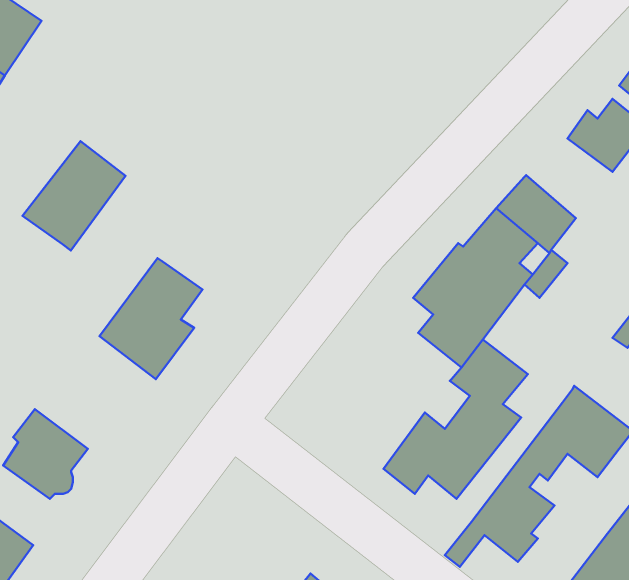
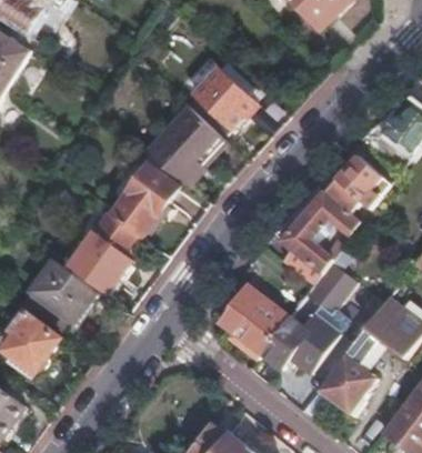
building: none -> [194,68,255,128]
building: none -> [145,105,220,180]
building: [23,141,125,251] -> [109,164,178,238]
building: none -> [19,260,94,338]
building: none -> [221,289,281,354]

